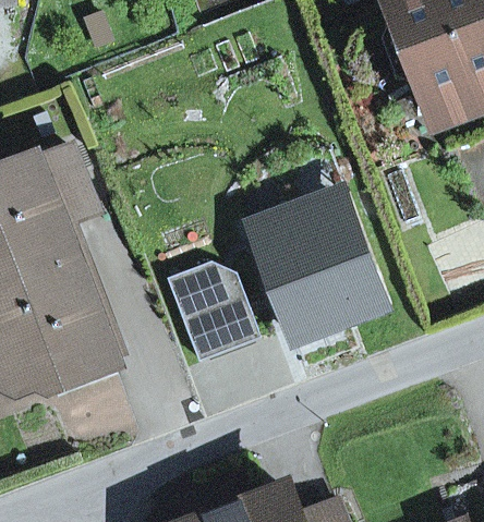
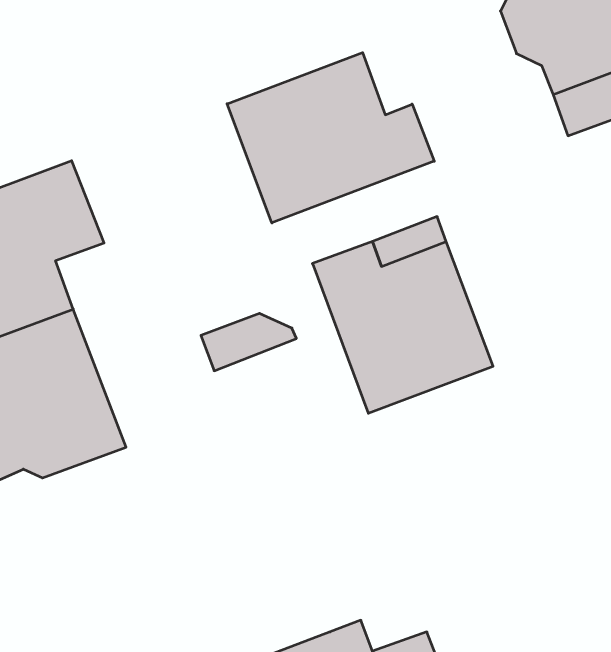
building: none -> [227,53,434,223]
building: [180,280,262,360] -> none

